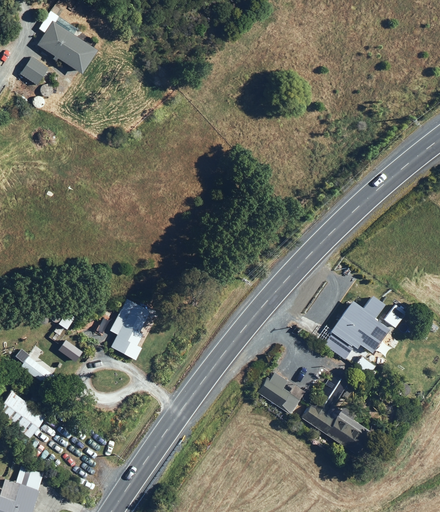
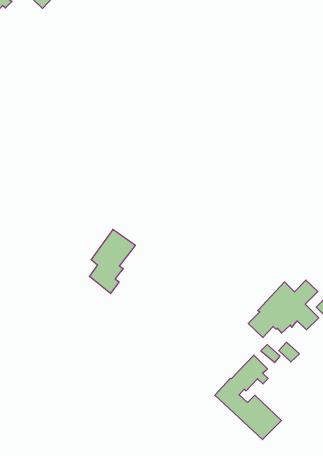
building: [111,299,151,360] -> [89,229,135,293]
building: [258,373,305,415] -> none

